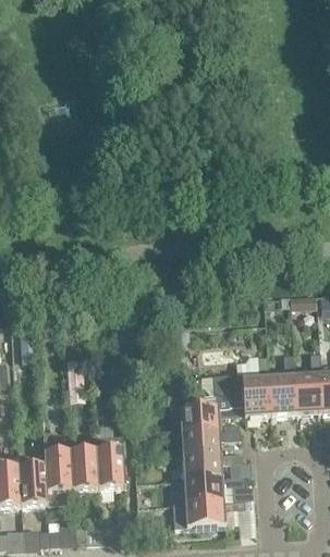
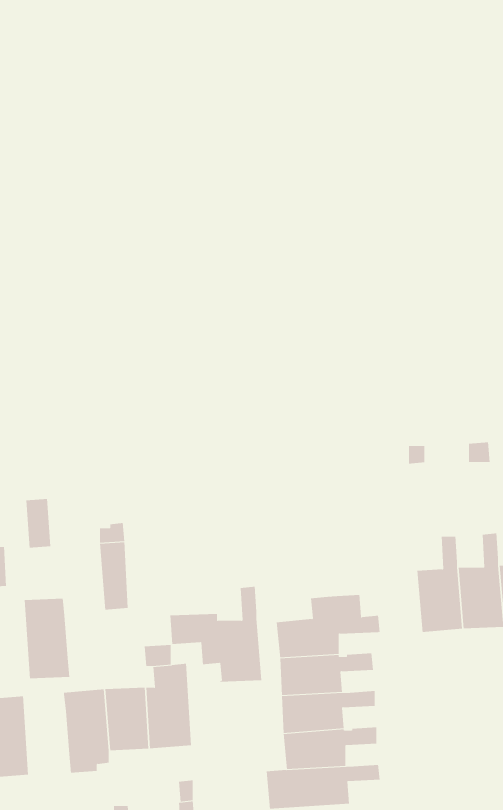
building: [212,354,271,414] -> [170,586,262,682]
building: [19,453,48,504] -> [24,598,70,679]

